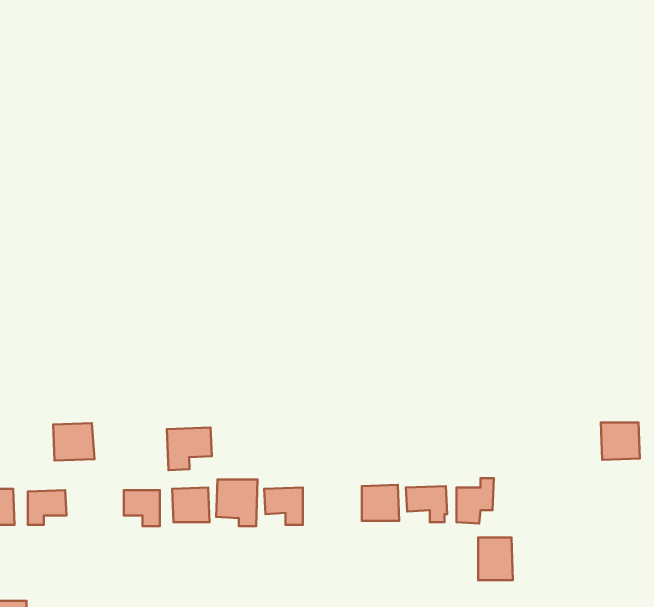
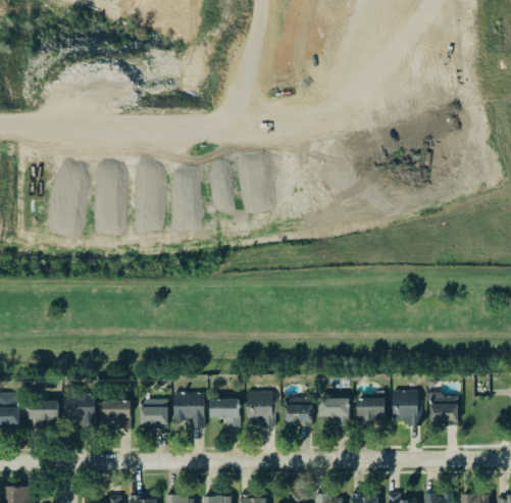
building: [601,422,640,460] -> [428,394,458,422]
building: [53,423,94,460] -> [64,393,96,421]
building: [167,427,212,470] -> none
building: none -> [247,391,275,425]
building: [478,537,513,580] -> [393,390,419,422]

